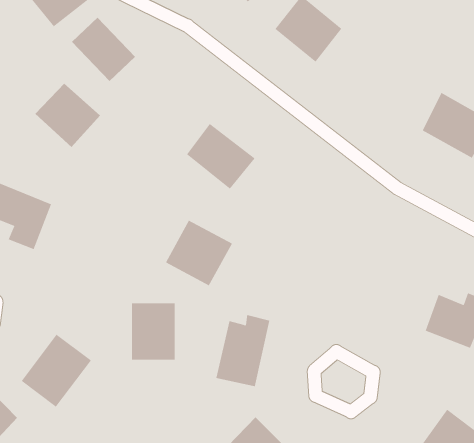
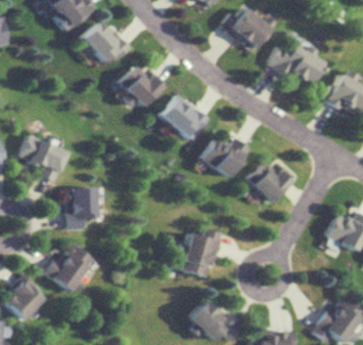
building: none -> [266,40,323,89]
building: [35,83,101,148] -> [119,62,165,107]
building: [165,220,233,286] -> [200,131,247,177]
building: none -> [247,163,296,202]
building: [131,303,175,360] -> [66,188,97,228]

